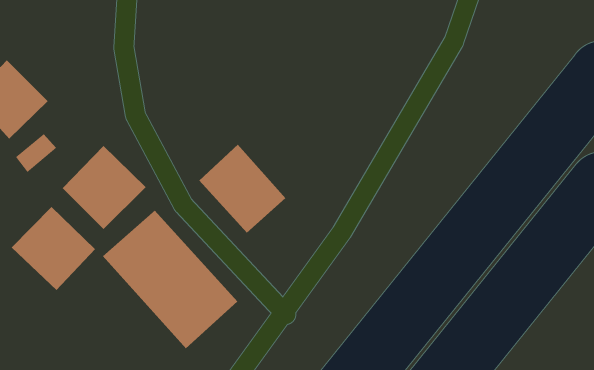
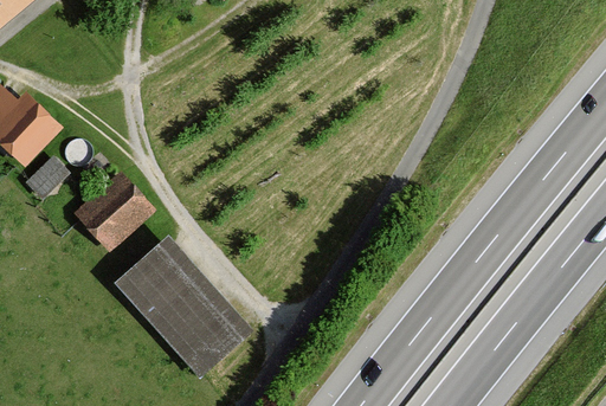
building: [198,144,286,233] -> none
building: [11,206,96,291] -> none

